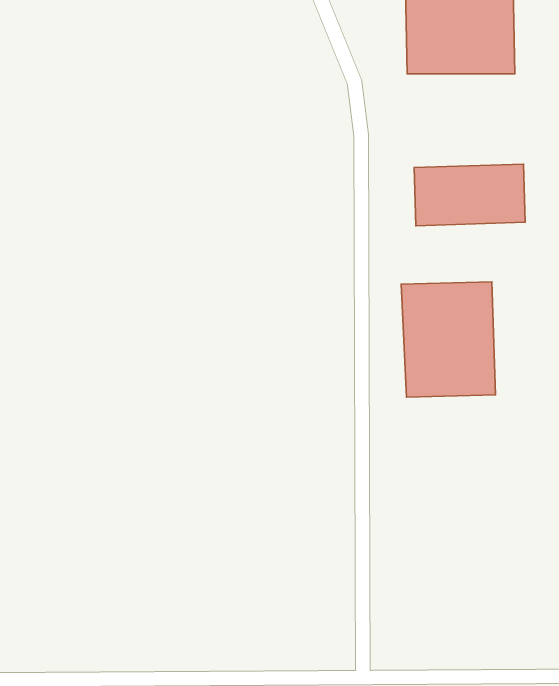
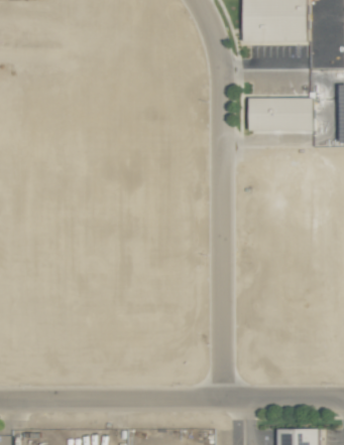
building: [401,282,495,397] -> none

